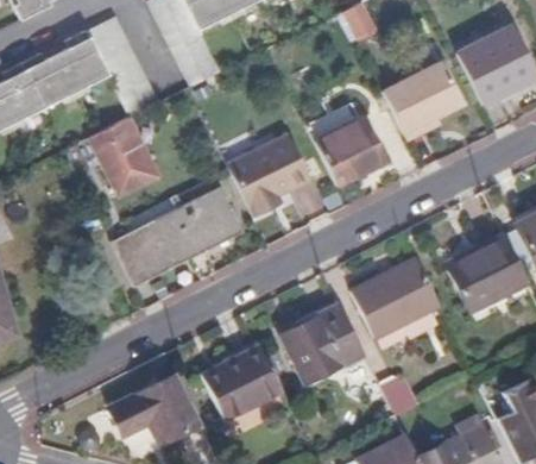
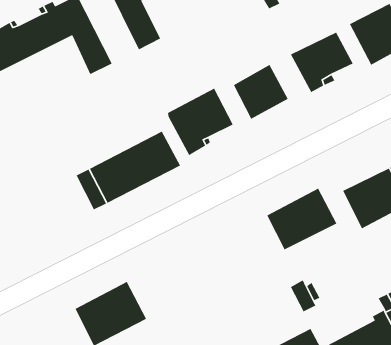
building: [94,127,164,205] -> none
building: [283,303,364,381] -> none
building: [203,345,286,421] -> none

